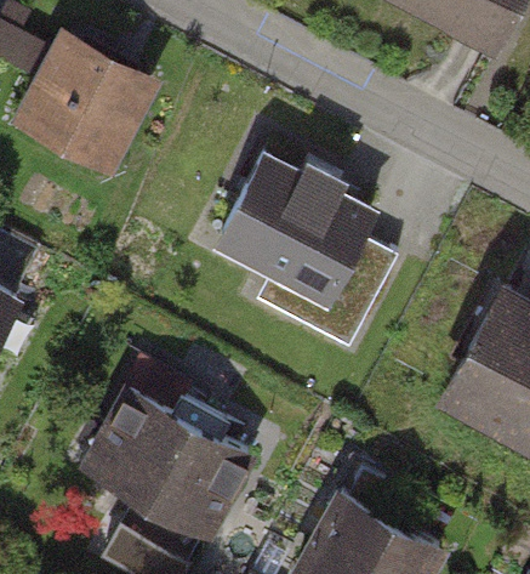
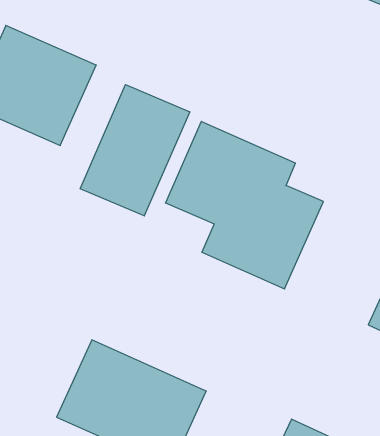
building: none -> [80,85,190,216]

